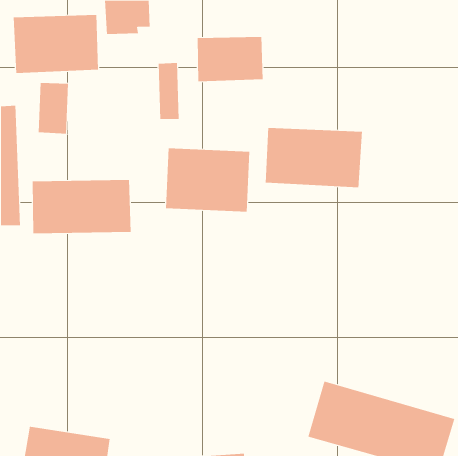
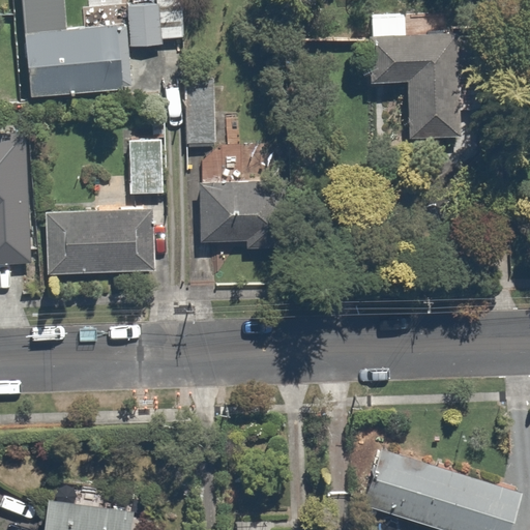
building: none -> [369,29,468,139]
building: [197,36,263,82] -> none
building: [38,83,69,134] -> [127,138,163,197]
building: [265,127,362,188] -> none

